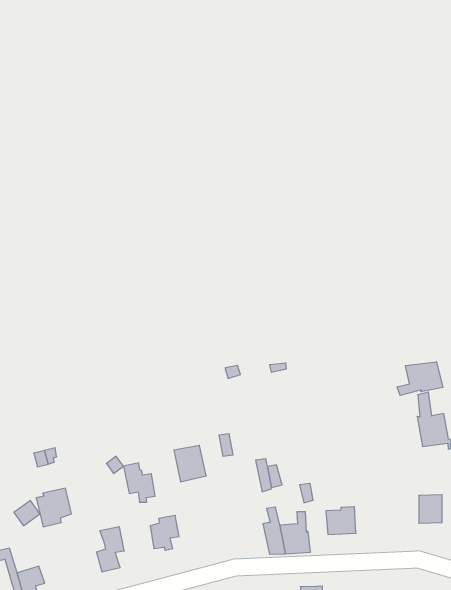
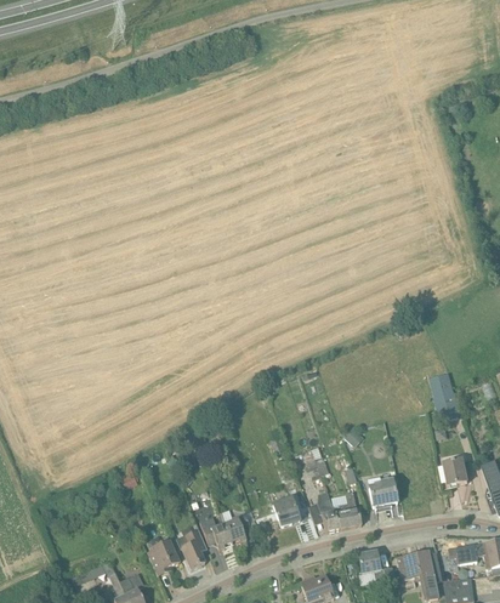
building: [397,362,443,395] -> none
building: [174,445,206,482] -> [271,494,301,527]
building: [123,463,155,502] -> [200,514,231,547]
building: [36,488,71,527] -> [147,539,178,574]

